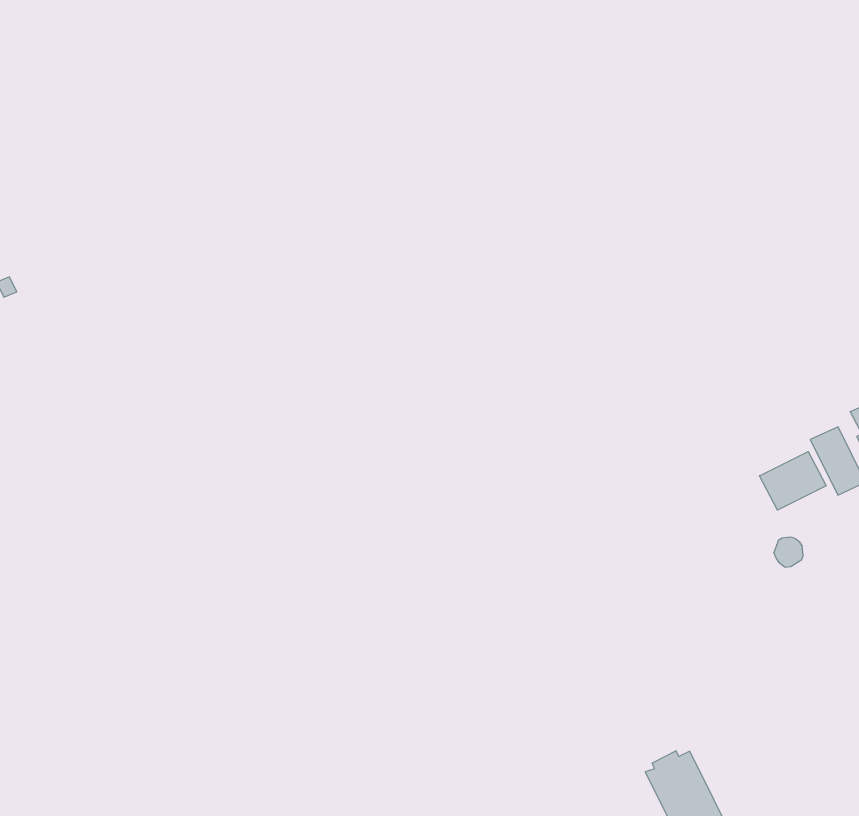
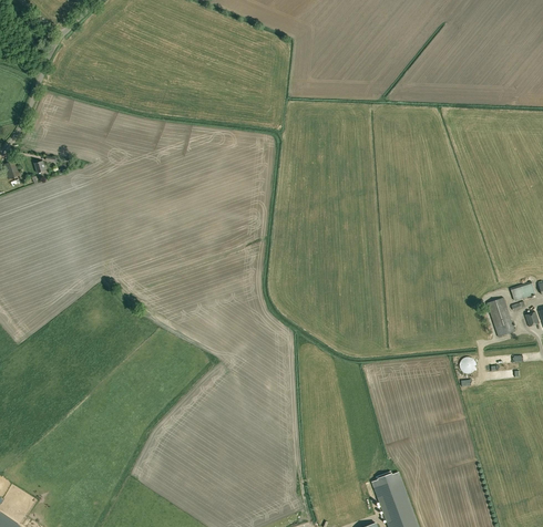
building: [759,452,826,510] -> none

